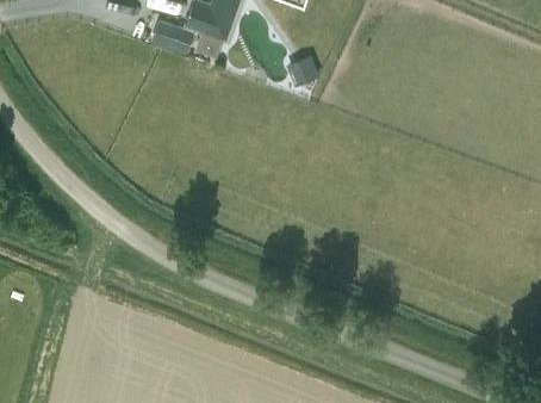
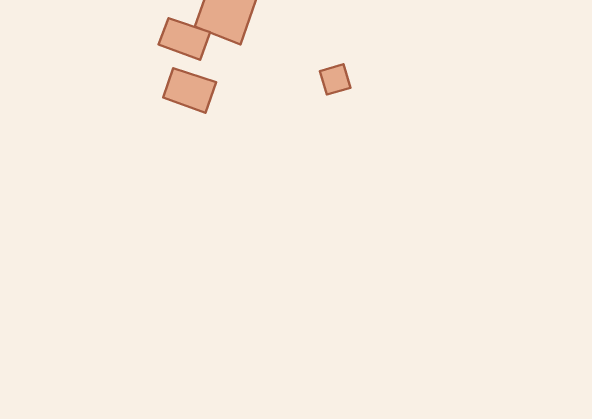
building: none -> [163,68,216,113]

